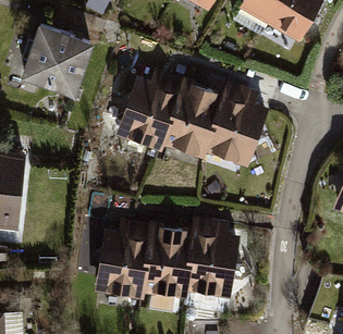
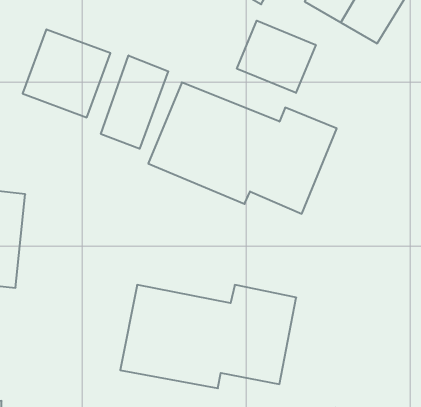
building: none -> [237,21,316,93]
building: none -> [101,55,168,149]

